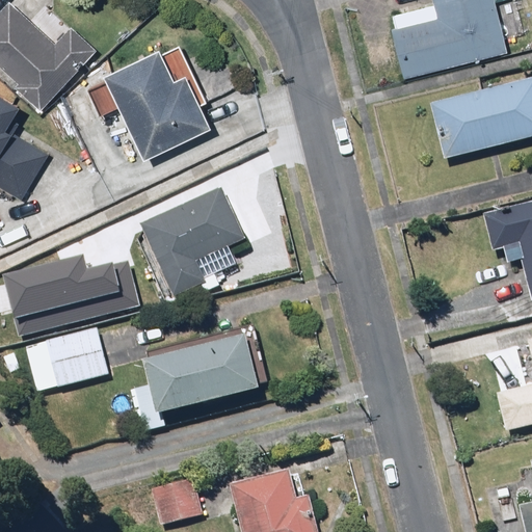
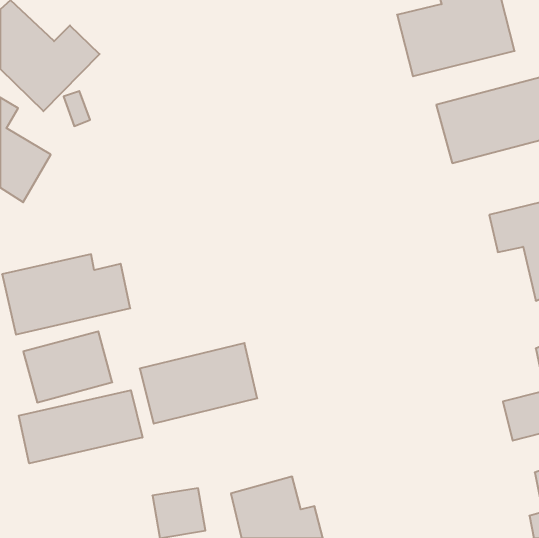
building: [101,48,210,158] -> none
building: [130,191,245,301] -> none
building: none -> [19,390,142,463]

